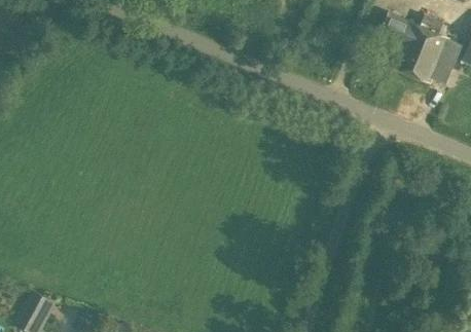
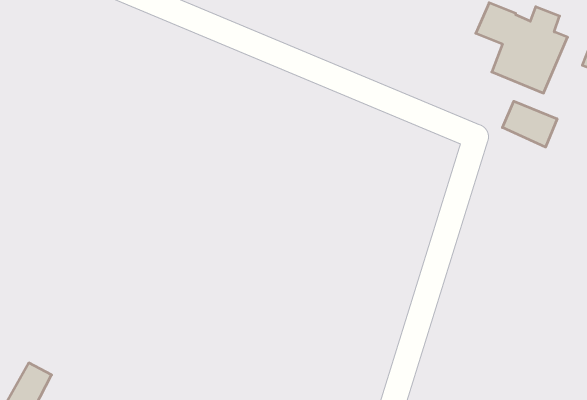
building: none -> [502,101,557,147]

